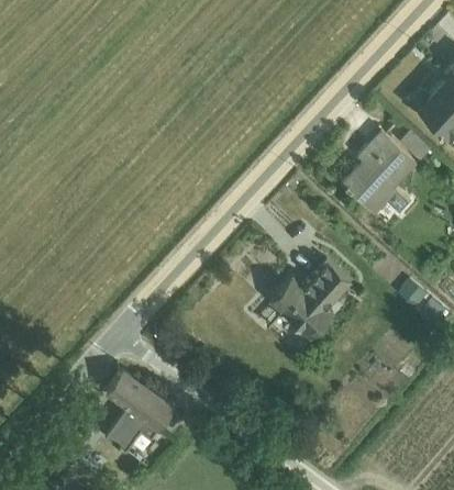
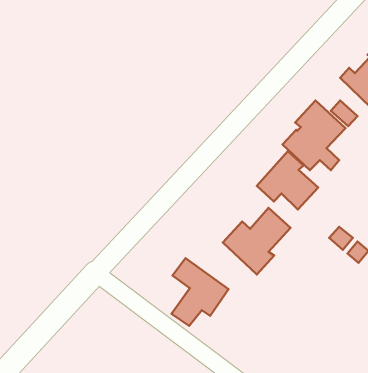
building: none -> [257,151,318,210]
building: [103,370,171,452] -> [172,258,228,326]

